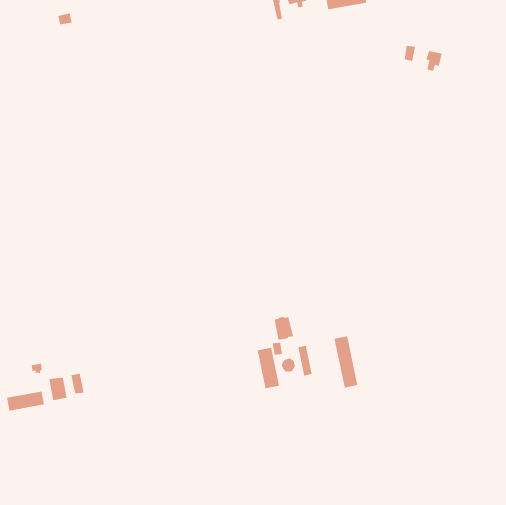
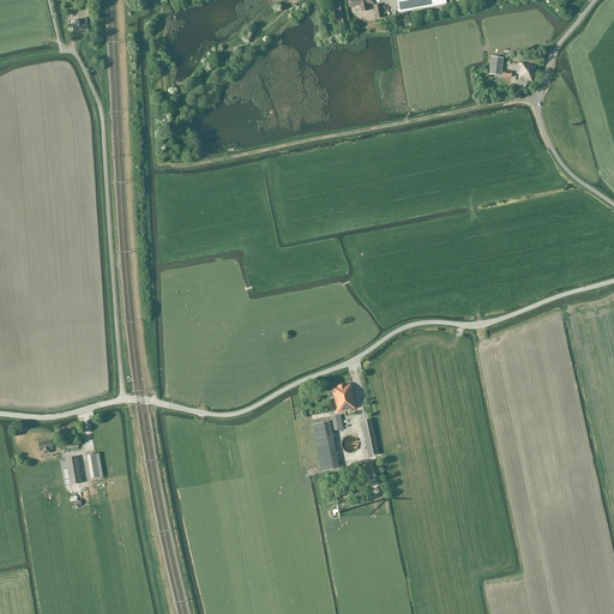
building: [334,335,358,388] -> none
building: [7,391,44,411] -> none

